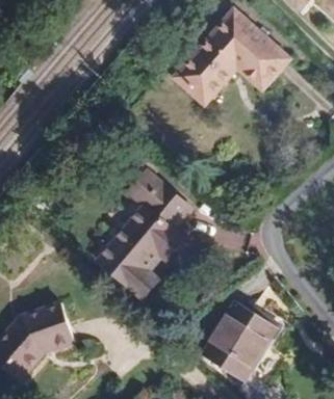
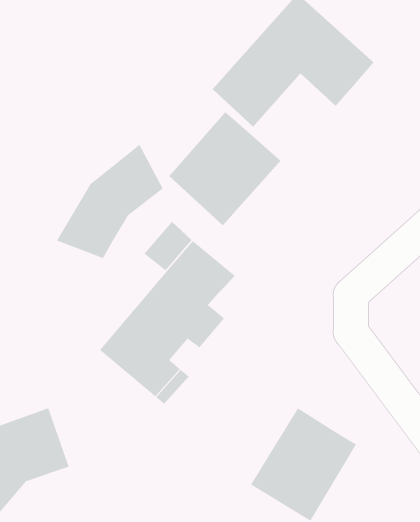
building: none -> [168,111,281,226]
building: none -> [56,144,163,259]

